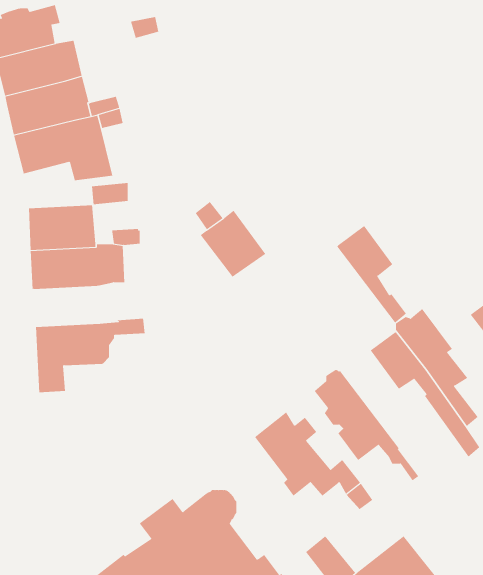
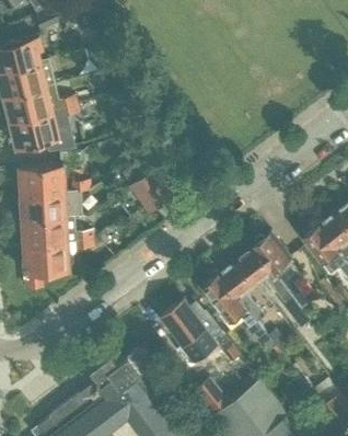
building: [336,225,407,324] -> [220,261,266,324]
building: none -> [21,217,93,245]

